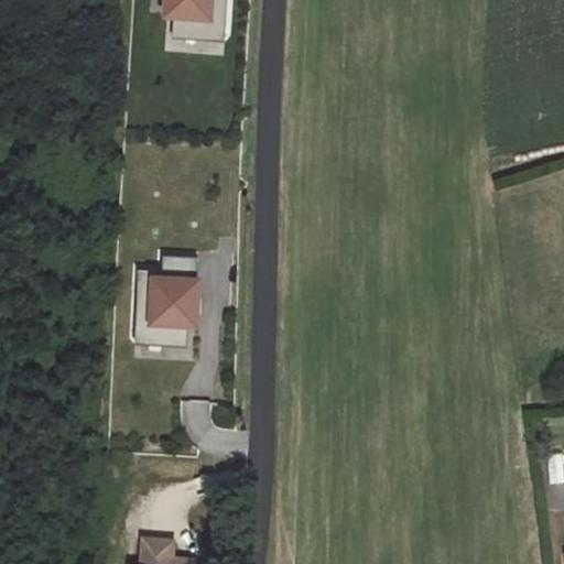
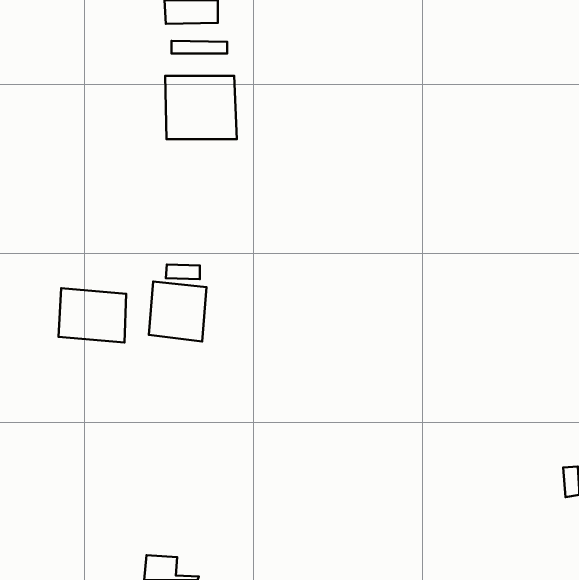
building: none -> [165,76,237,139]
building: none -> [58,288,126,342]

